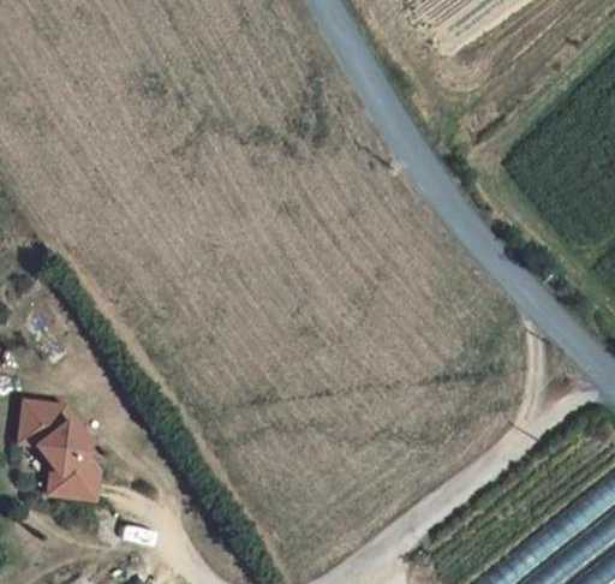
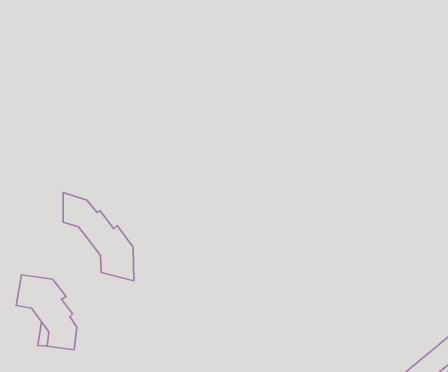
building: none -> [63,193,134,281]

